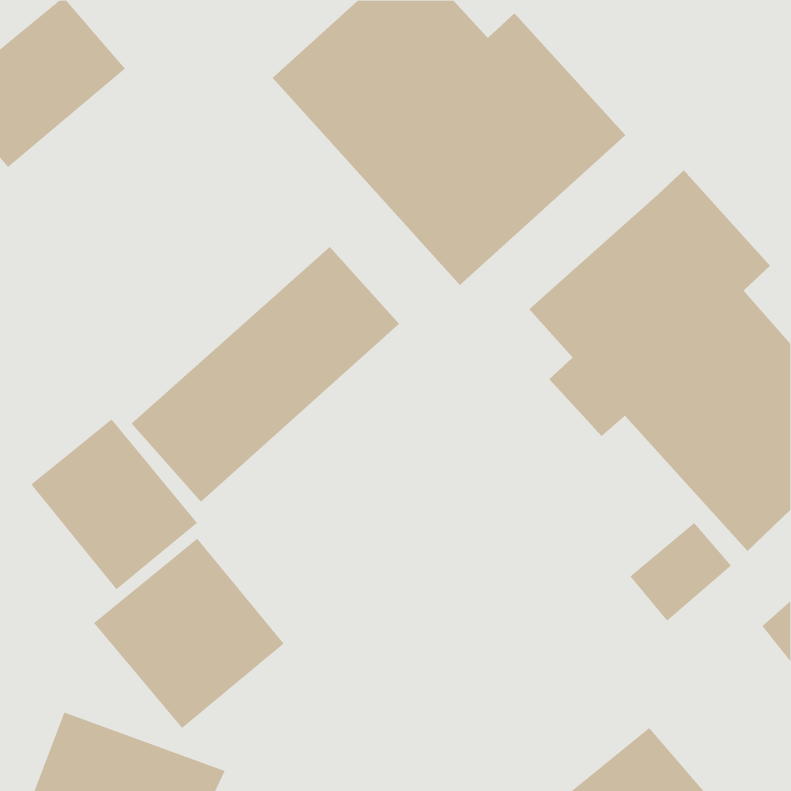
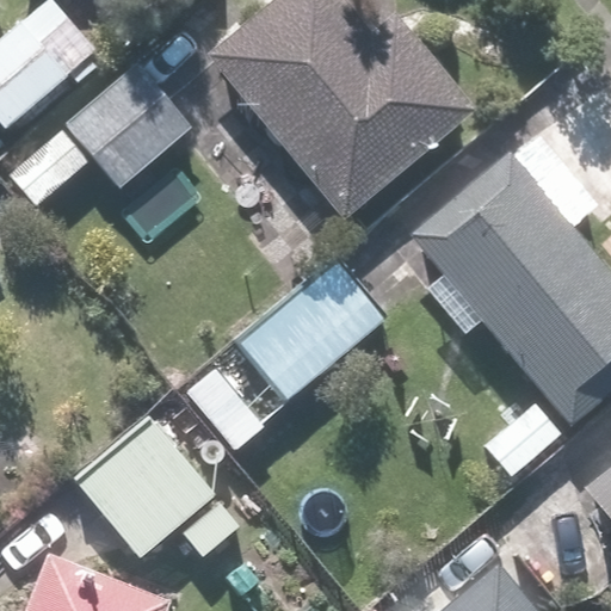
building: none -> [6,62,195,209]
building: [131,246,400,503] -> [179,257,385,453]
building: [30,418,198,590] -> none

